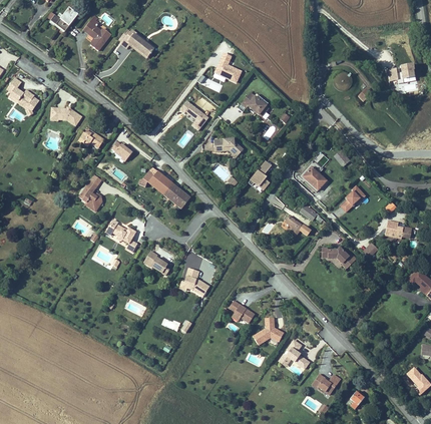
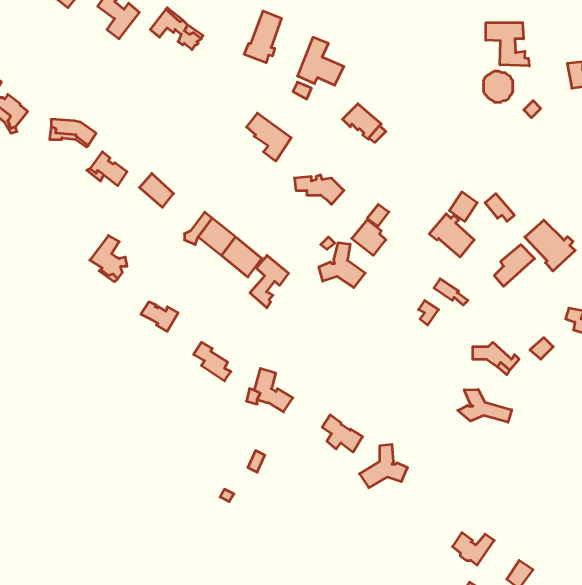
building: none -> [244,11,281,63]
building: none -> [486,23,529,66]
building: none -> [525,220,575,271]
building: none -> [319,243,365,288]
building: none -> [250,255,289,308]
building: none -> [458,389,512,422]
building: [279,338,310,367] -> none

